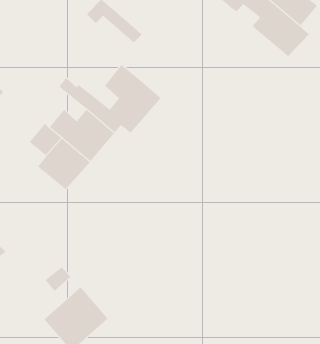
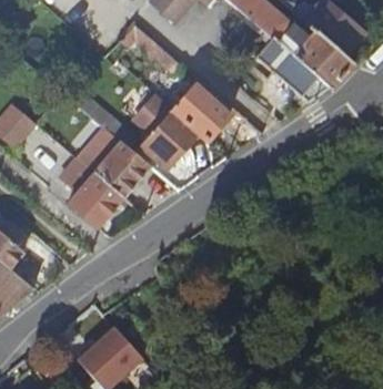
building: none -> [254,37,330,101]
building: none -> [172,83,229,139]

